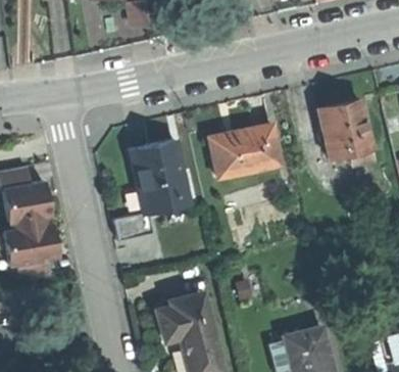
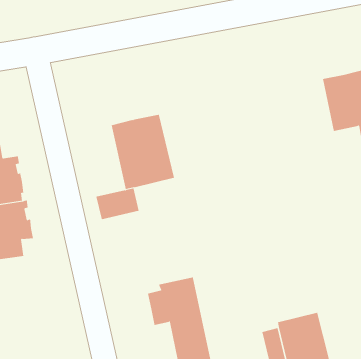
building: [215,124,285,175] -> none

